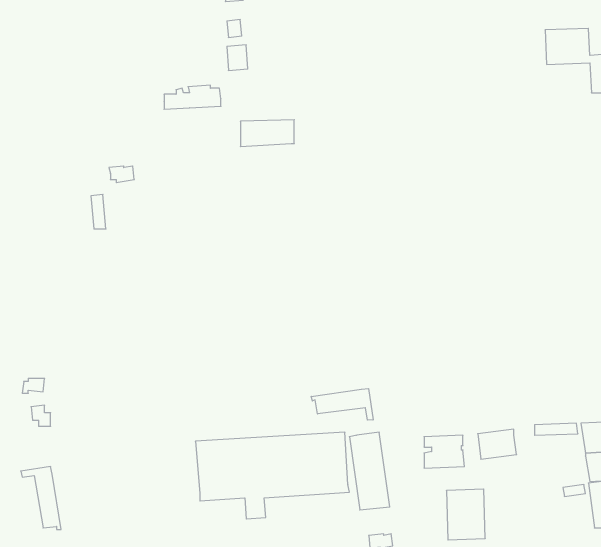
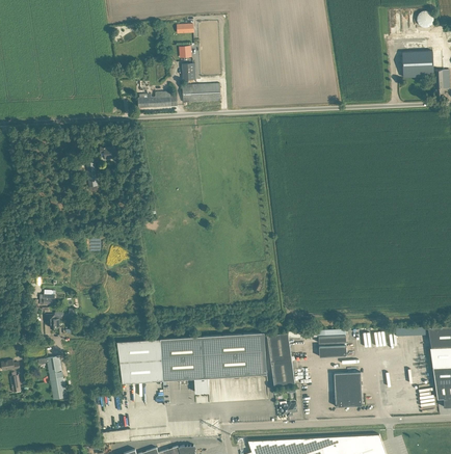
building: [240,120,294,147] -> [182,84,219,103]
building: [311,389,373,420] -> none
building: none -> [116,339,162,383]

